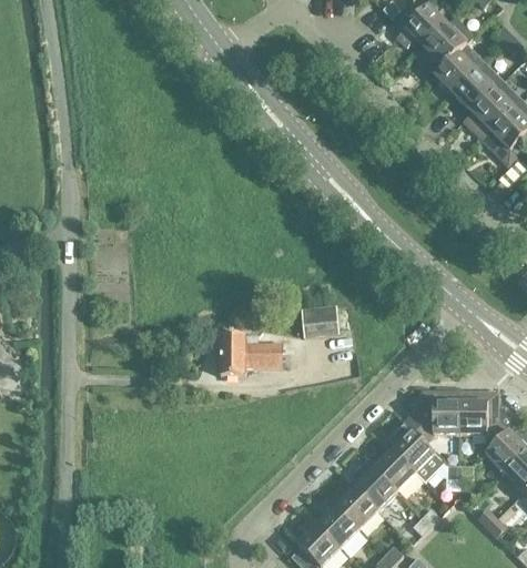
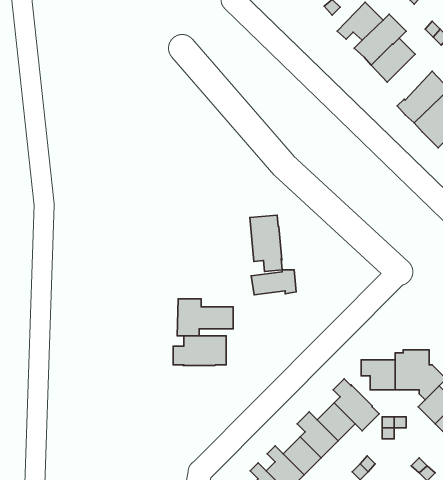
building: [452,62,501,113] -> none
building: none -> [250,215,282,272]
building: none -> [173,336,226,366]

